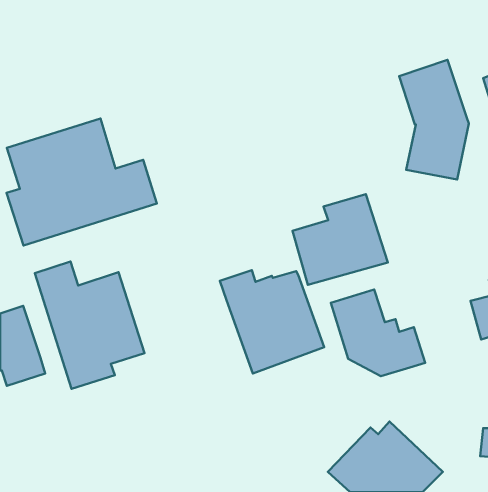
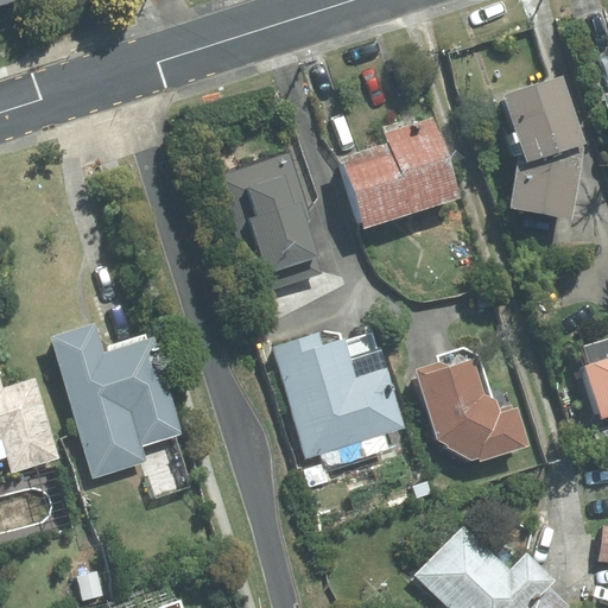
building: [6,119,157,246] -> none
building: none -> [218,151,318,279]
building: [293,194,388,285] -> [341,118,458,229]

